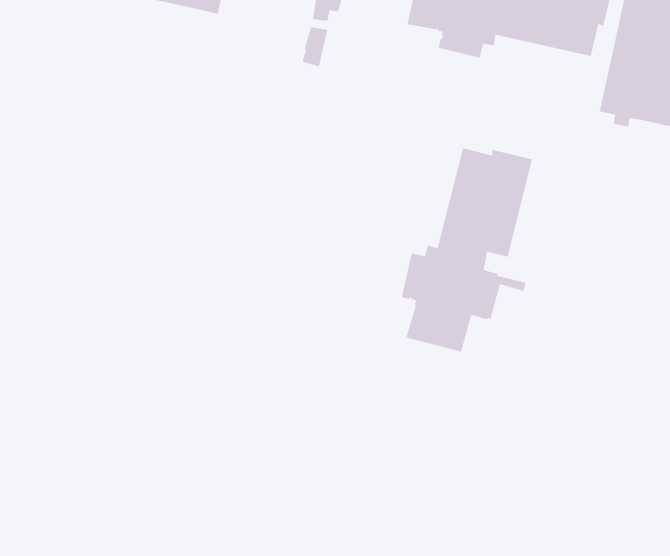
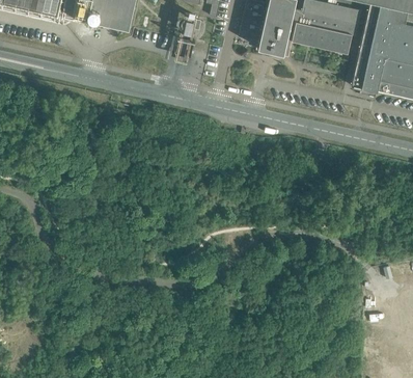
building: [401,147,533,352] -> none

